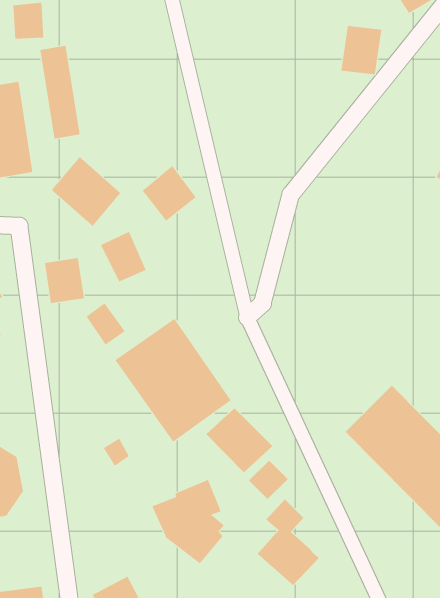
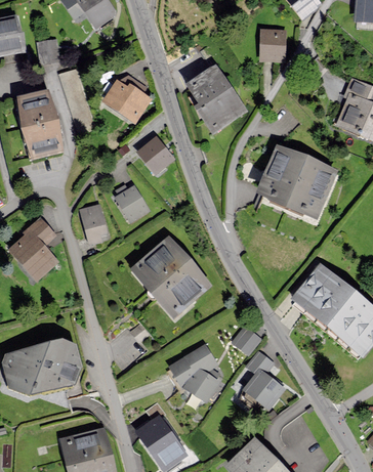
building: none -> [188,71,243,130]
building: [51,156,121,227] -> [102,79,150,125]
building: none -> [256,146,336,222]
building: [86,303,126,346] -> none
building: [205,407,273,473] -> none

